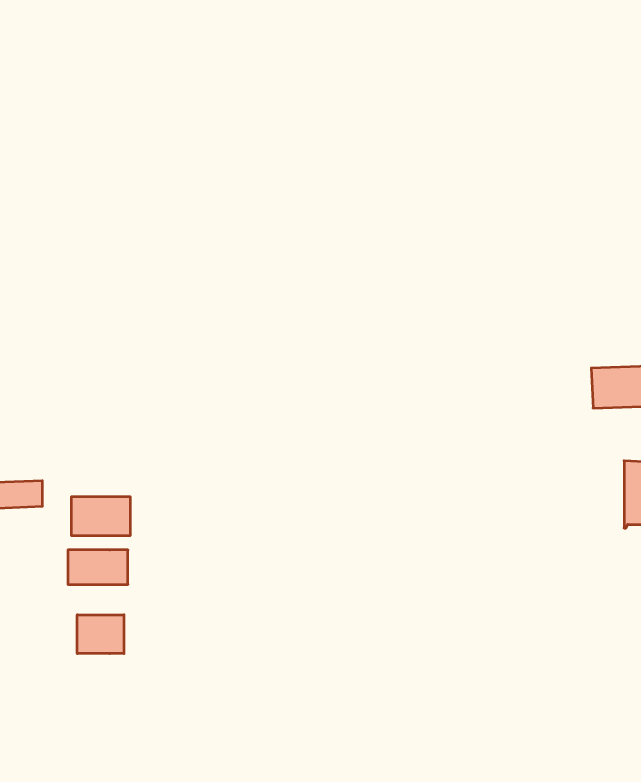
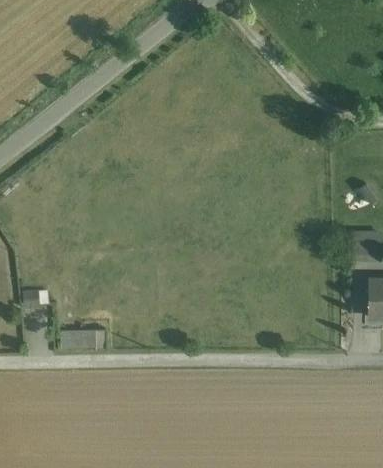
building: [72,497,130,536] -> none
building: [77,615,124,654] -> none

